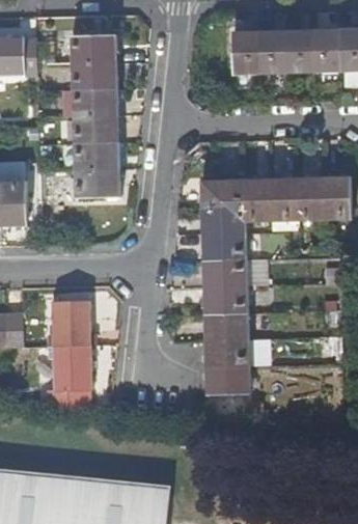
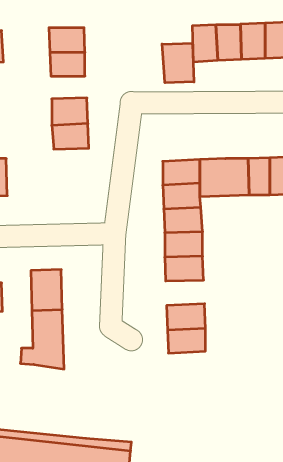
building: none -> [162,43,194,83]
building: [78,89,117,114] -> none
building: [81,168,119,195] -> none
building: [203,312,246,340] -> none

